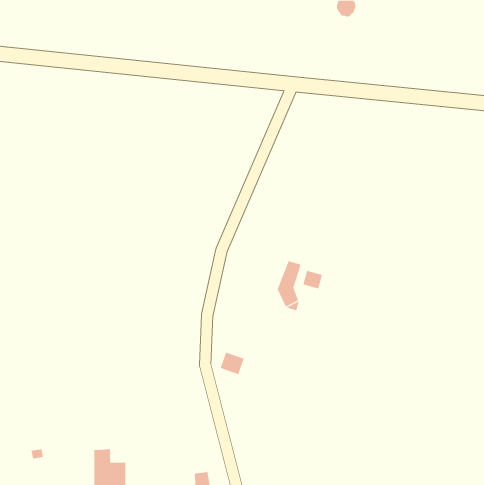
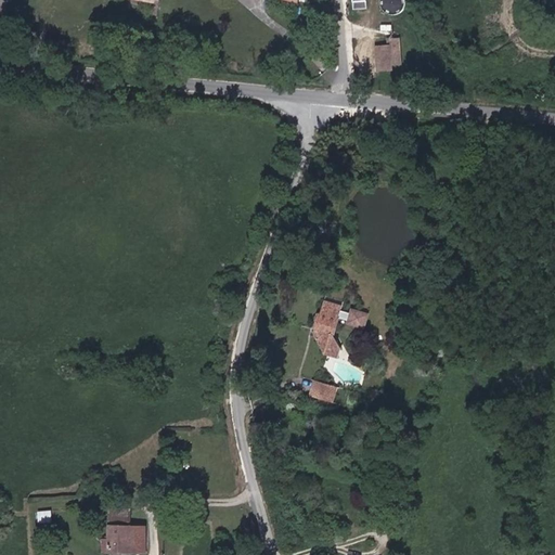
building: none -> [374,39,399,73]
building: [220,352,245,375] -> [308,377,336,403]

